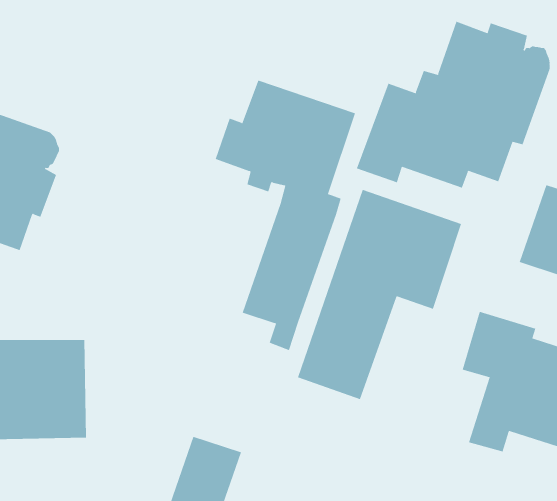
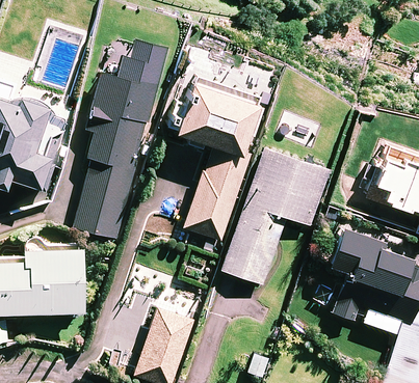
building: [356,21,550,189] -> none
building: none -> [74,52,162,239]

